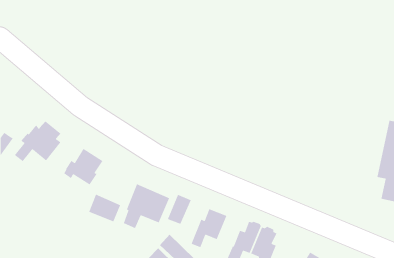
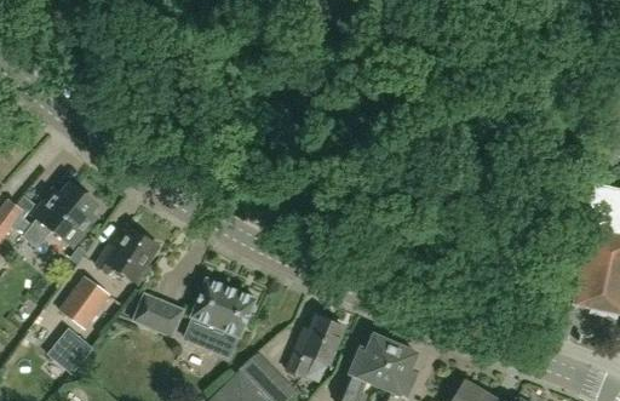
building: none -> [58,276,110,331]
building: [167,194,192,225] -> none
building: none -> [46,328,92,376]

